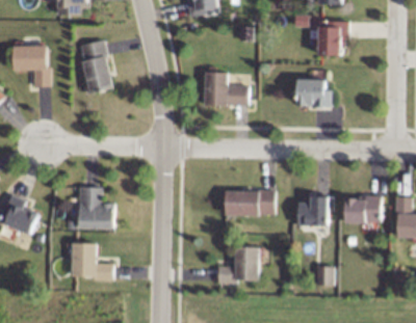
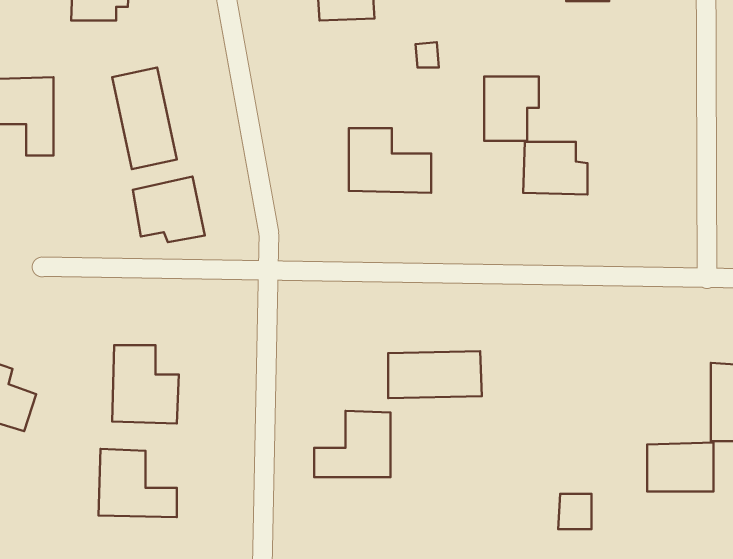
building: [318,21,347,55] -> [484,76,539,141]
building: none -> [133,177,205,242]
building: [297,195,328,225] -> none
building: [345,196,381,222] -> [647,443,714,491]
building: [217,246,258,281] -> [314,411,390,477]

